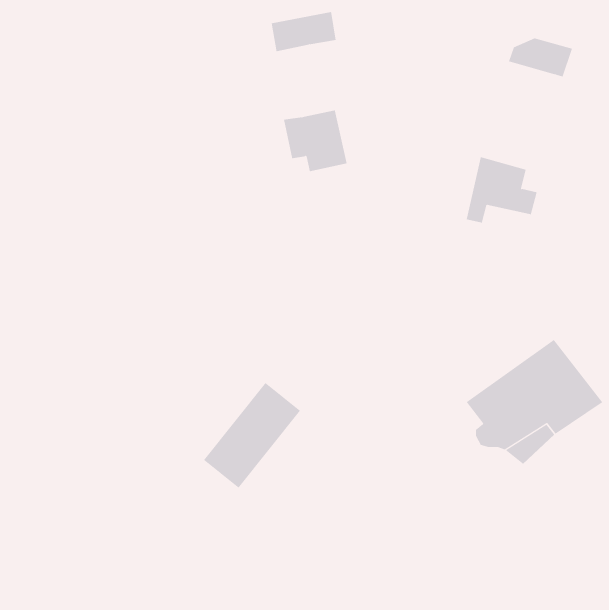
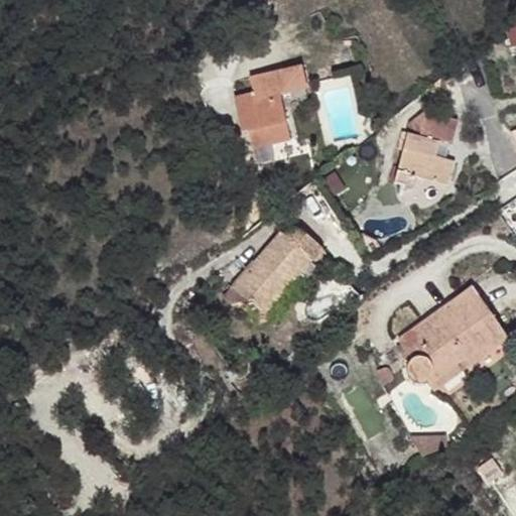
building: [271,11,337,52] -> [251,64,306,99]
building: [508,38,573,77] -> [405,112,460,145]
building: [203,382,301,488] -> [232,224,314,313]

